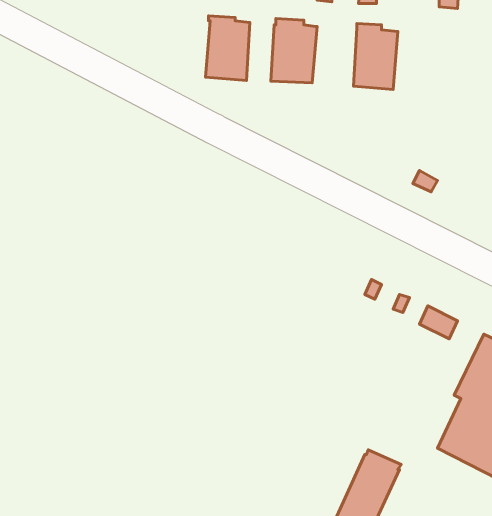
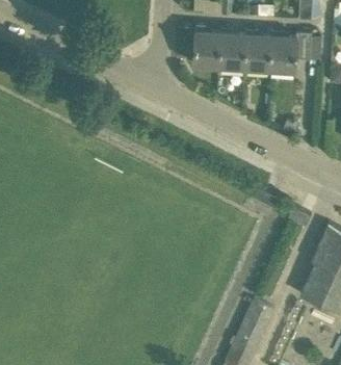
building: [205,16,250,80] -> [219,30,247,71]
building: none -> [270,33,315,74]

